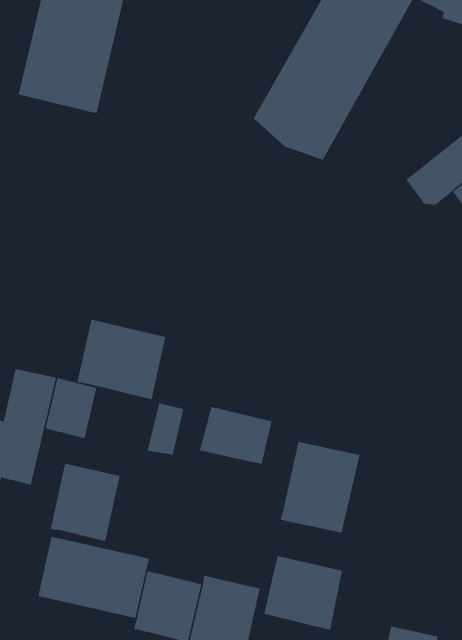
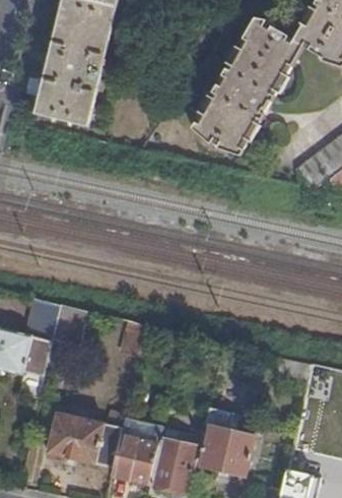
building: [77,319,166,400] -> none
building: [199,406,272,465] -> none
building: [280,441,360,534] -> none
building: [50,463,120,542] -> none

